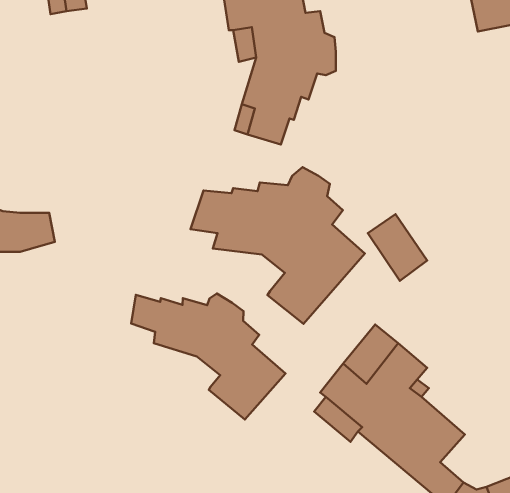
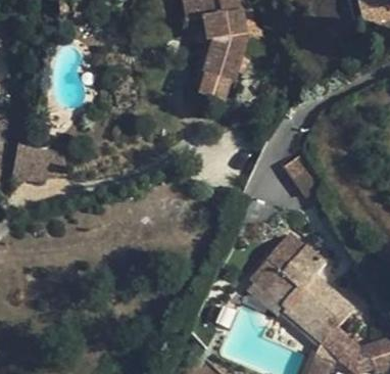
building: [191,167,365,324] -> none
building: [131,293,285,419] -> none

